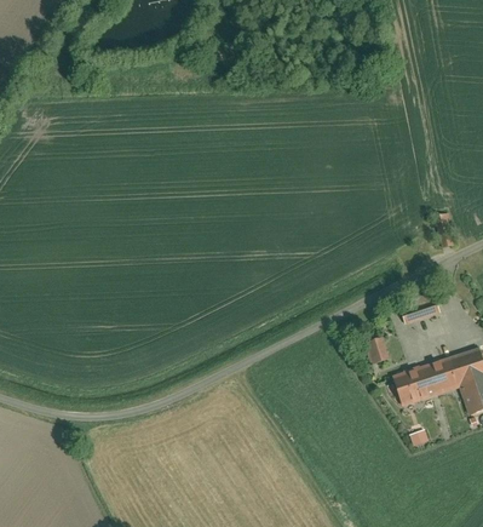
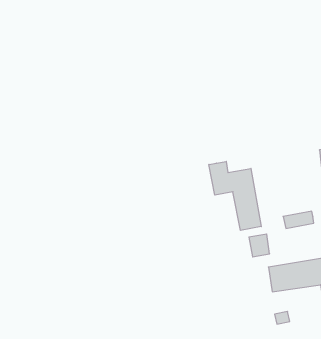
building: none -> [209,161,261,230]

